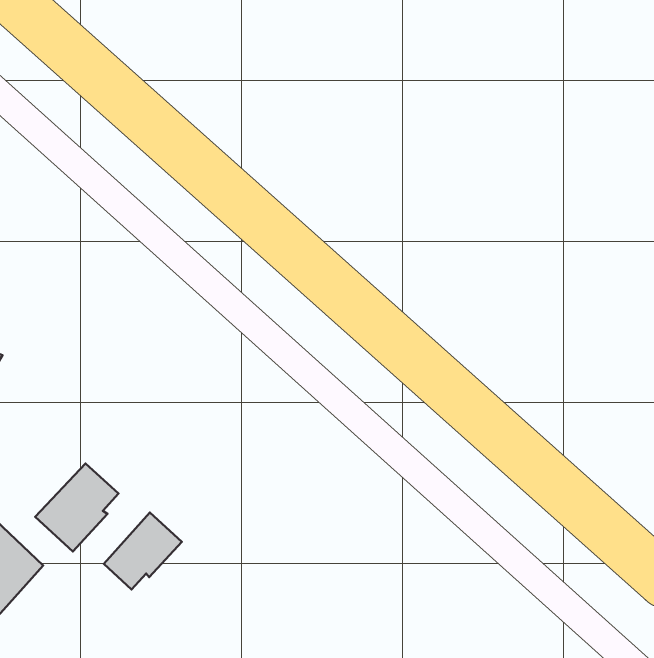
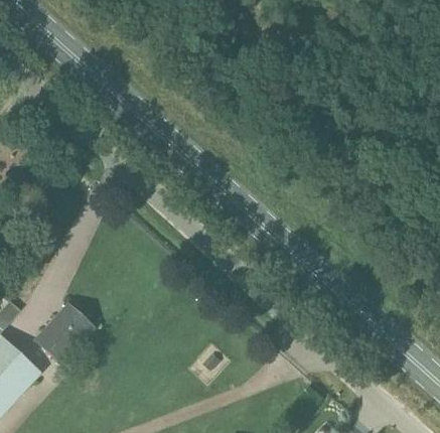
building: [104,512,182,590] -> none

